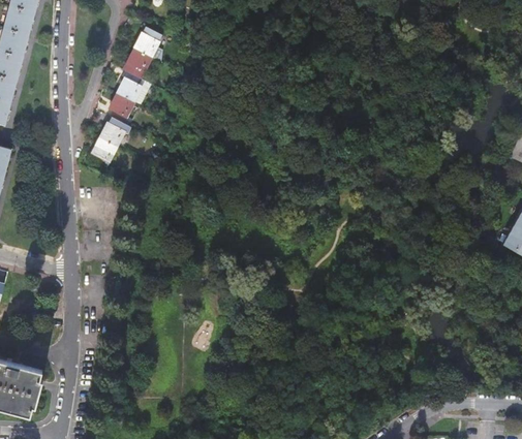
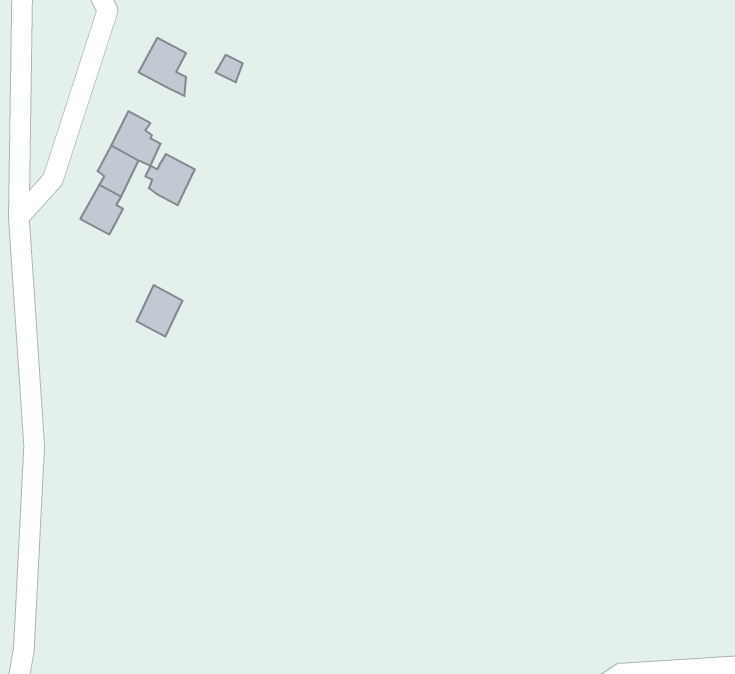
building: [122,48,152,79] -> [145,154,195,205]
building: [89,136,117,167] -> [136,285,183,337]

